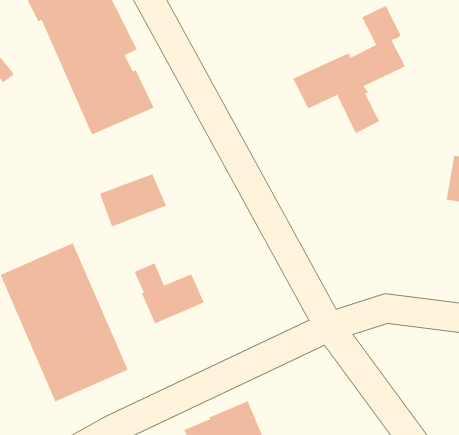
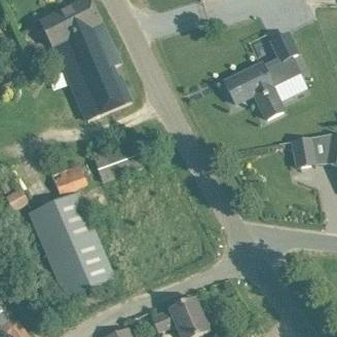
building: none -> [292,137,314,166]
building: none -> [51,164,84,192]
building: [134,262,204,324] -> none

